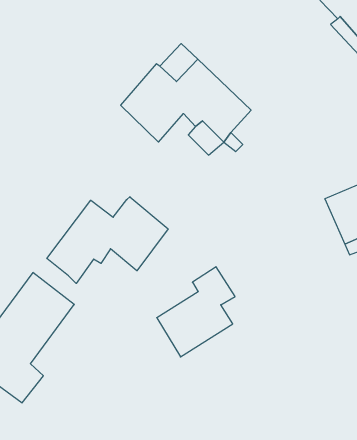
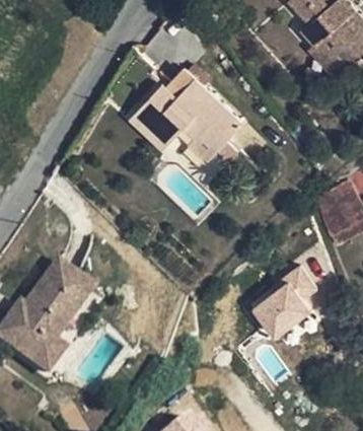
building: [47,197,168,283] -> none
building: [157,267,235,357] -> [249,265,316,342]

